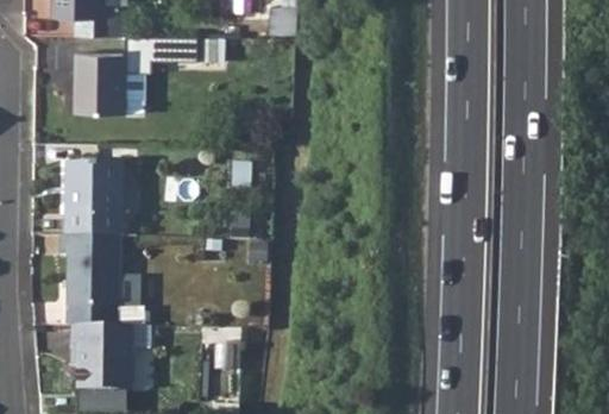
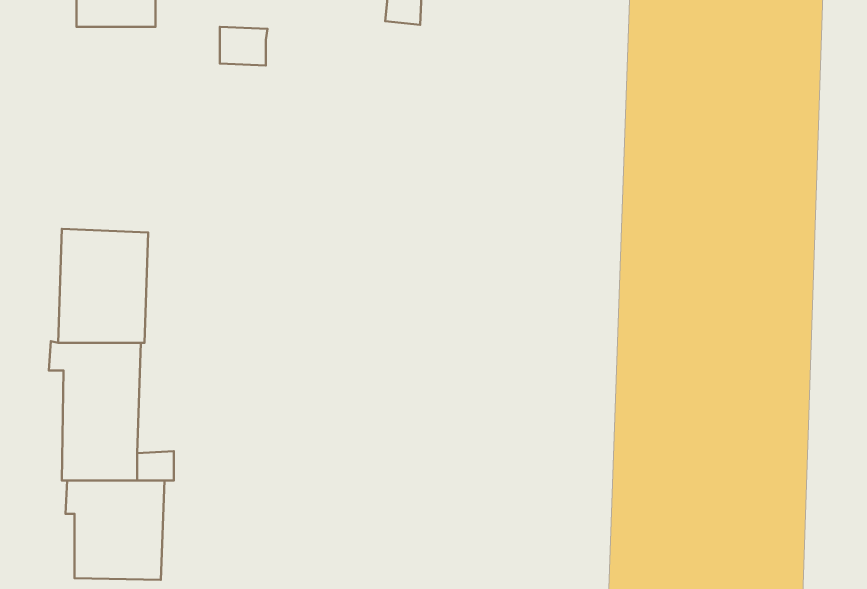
building: [76,52,128,113] -> none

